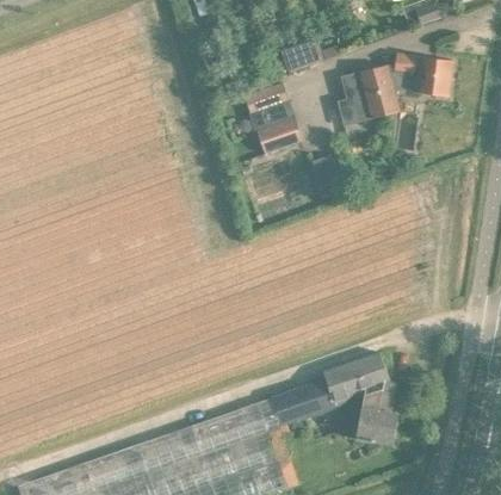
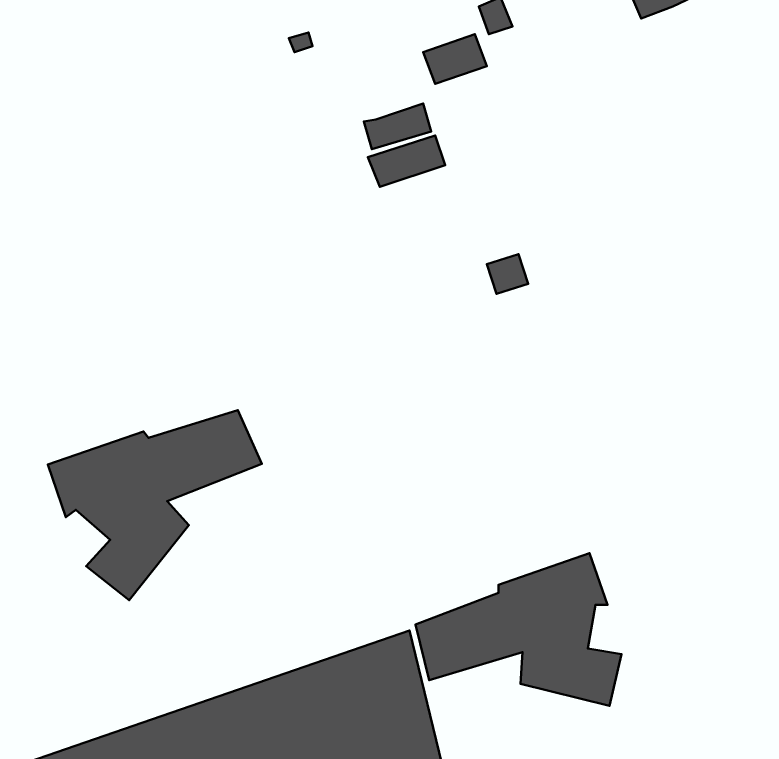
building: [340,52,452,122] -> none
building: [255,117,301,153] -> none
building: none -> [48,410,262,600]

